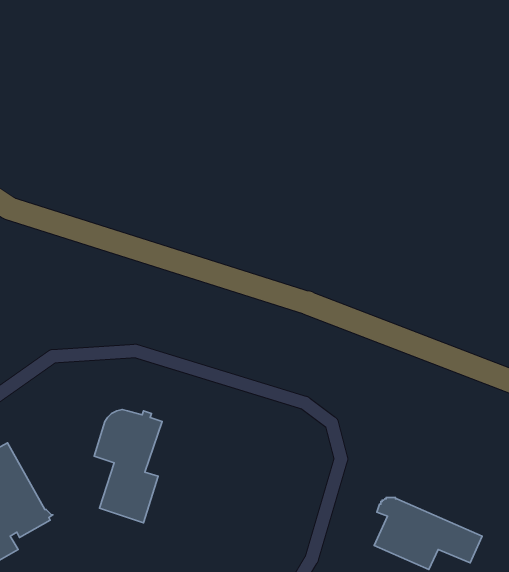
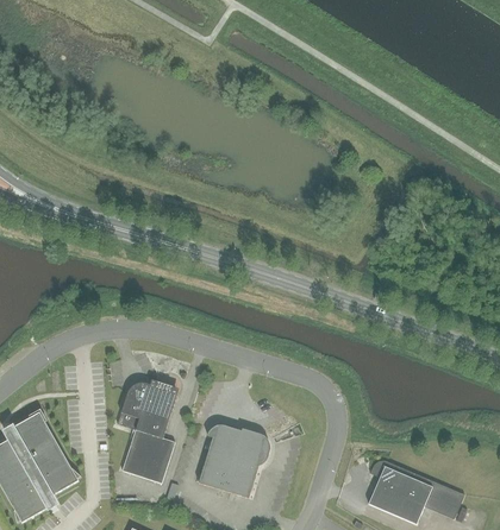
building: none -> [198,425,269,499]

